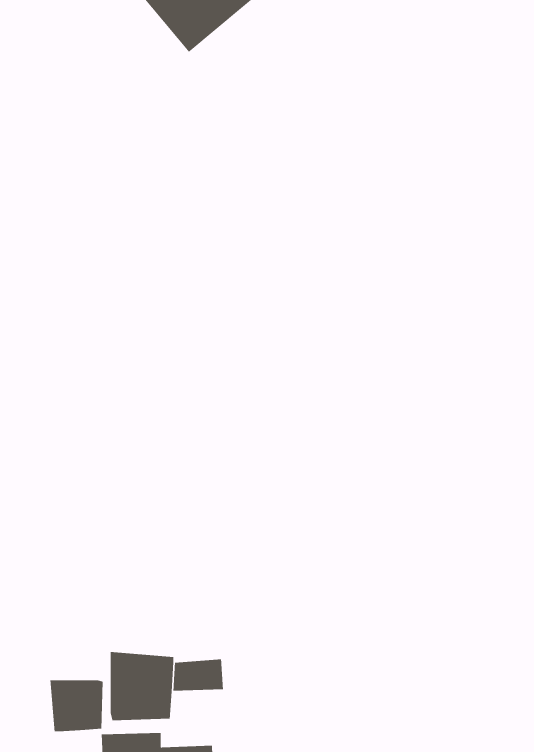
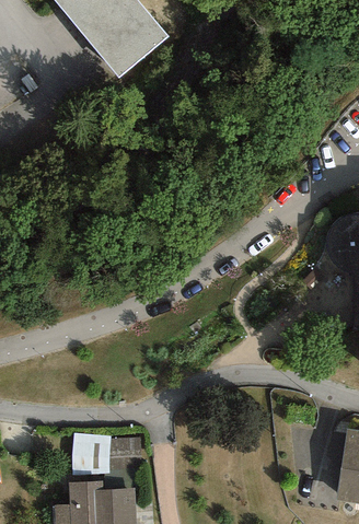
building: [50,680,103,732] -> none

